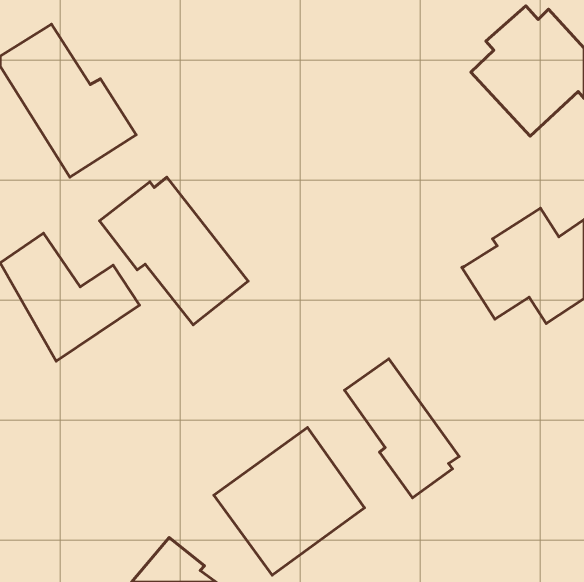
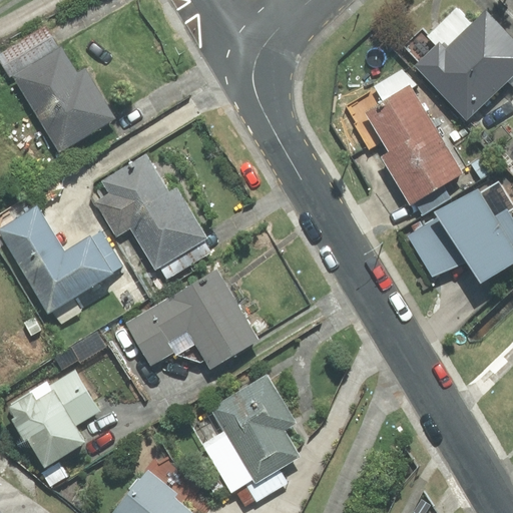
building: none -> [362,66,462,203]
building: none -> [125,270,261,372]
building: [345,359,459,498] -> none
building: none -> [4,366,100,471]

